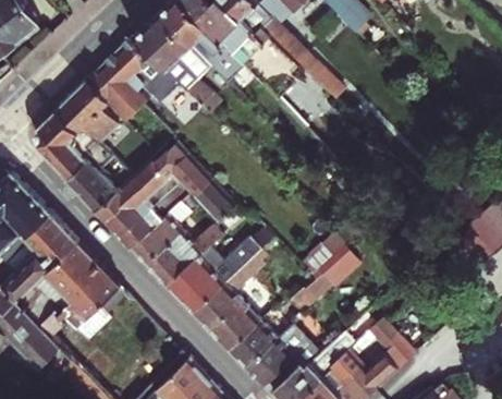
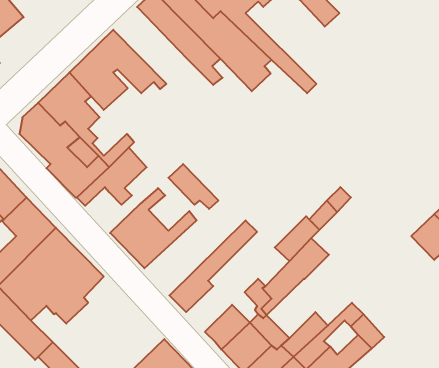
building: [133,10,212,108] -> none
building: [149,137,206,189] -> none
building: [103,198,161,246] -> none
building: [166,228,271,312] -> none
building: [209,302,257,350] -> none

